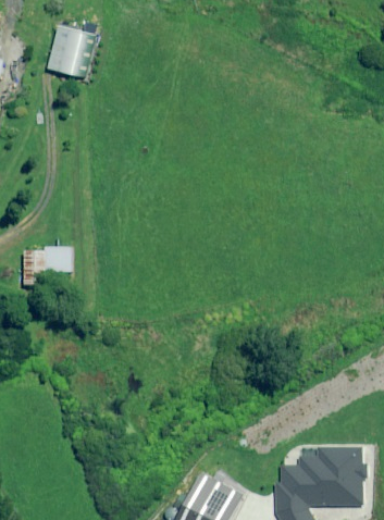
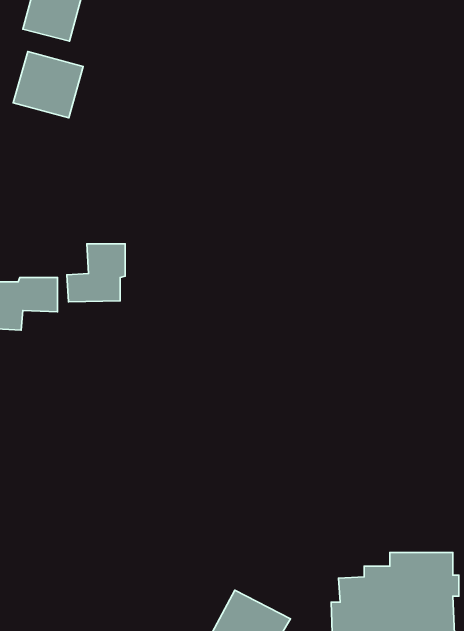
building: none -> [13,51,83,118]
building: none -> [67,244,125,302]

